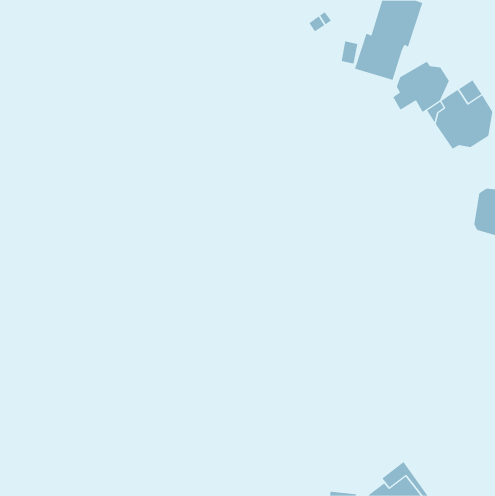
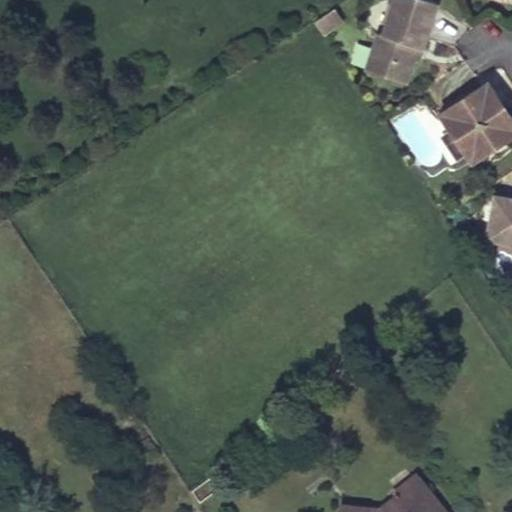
building: [393,61,449,113] -> none

